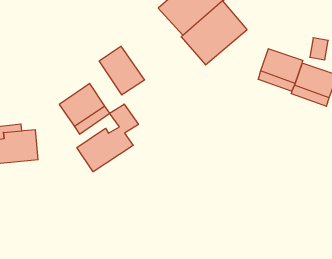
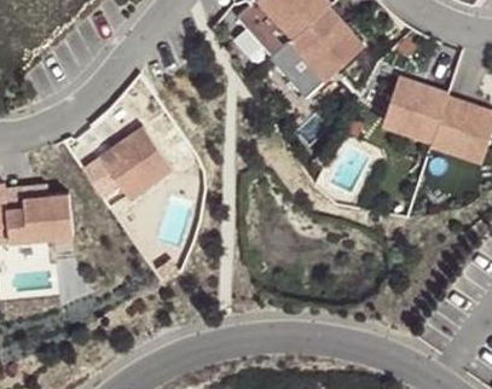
building: [99,46,145,95] -> none
building: [77,104,138,172] -> none

